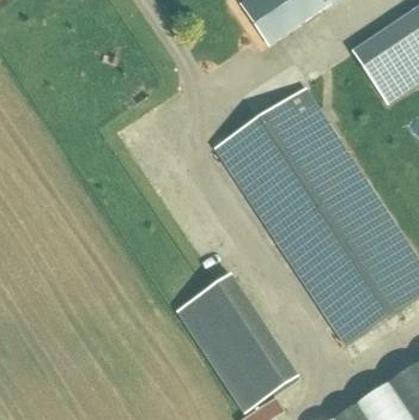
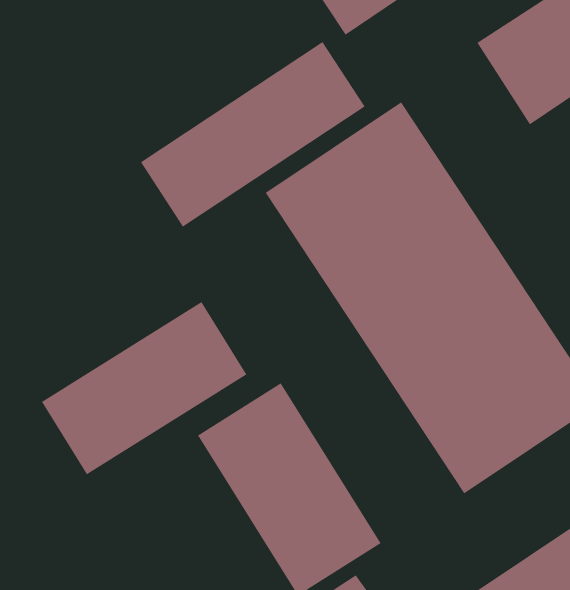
building: none -> [140,41,365,227]
building: none -> [41,301,247,475]

